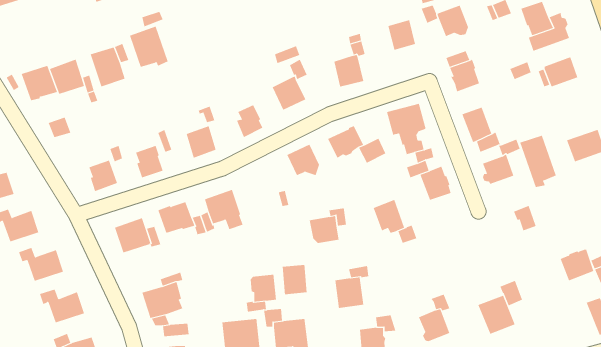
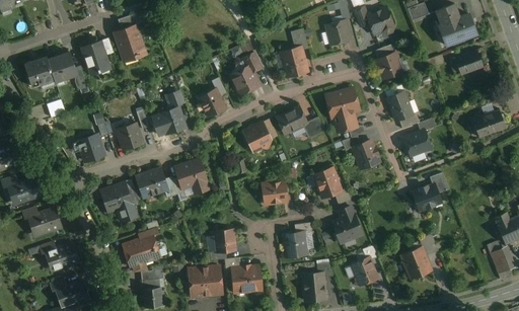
building: [519,135,556,188] -> none
building: none -> [332,206,362,242]
building: [560,249,594,281] -> [413,184,441,211]
building: [282,264,307,295] -> none

